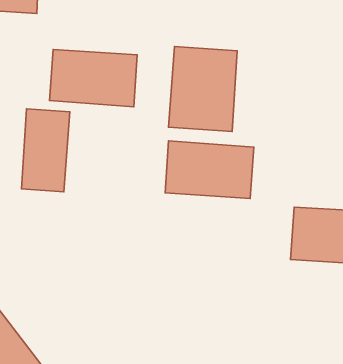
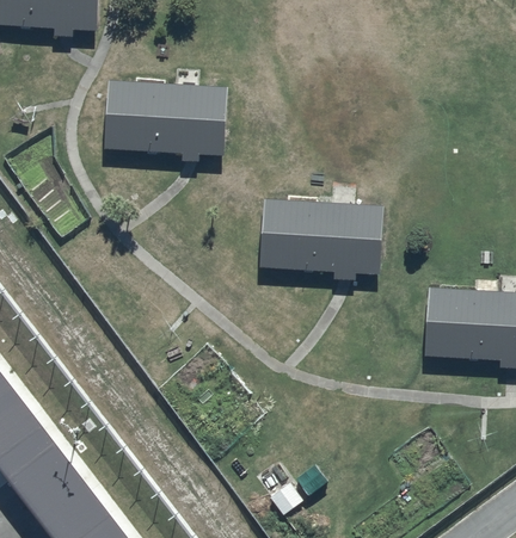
building: [168,46,237,132] -> none
building: [21,109,70,192] -> none

